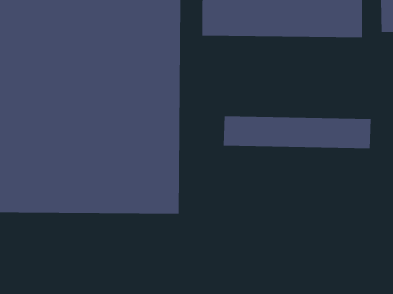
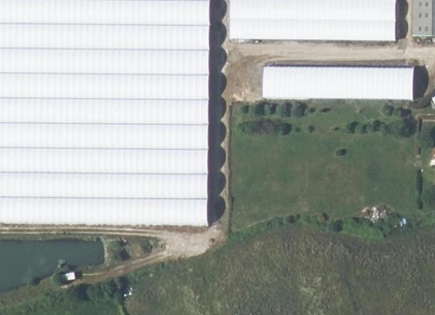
building: [223,116,371,149] -> [263,65,415,99]

